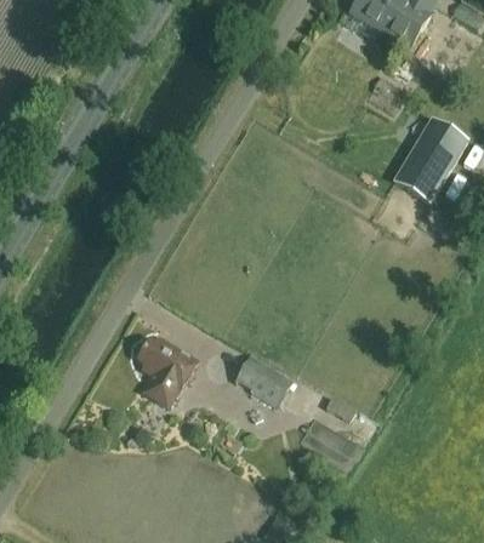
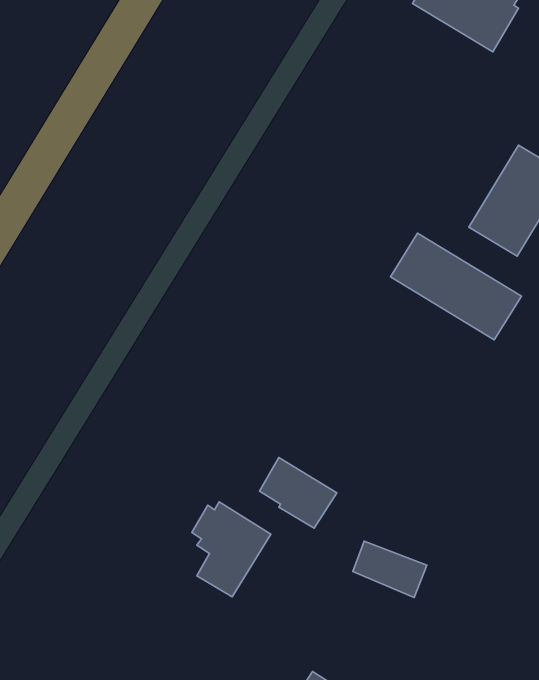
building: none -> [391,233,521,340]
building: [137,337,197,408] -> [192,502,271,597]

